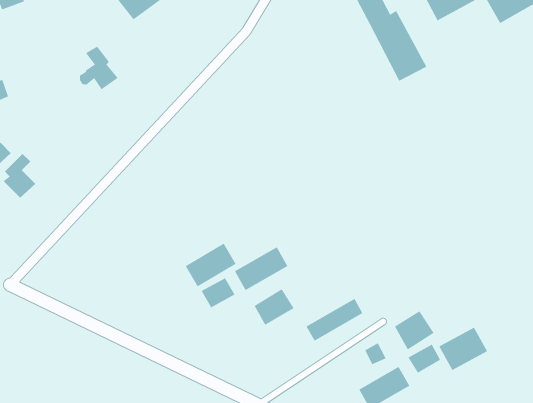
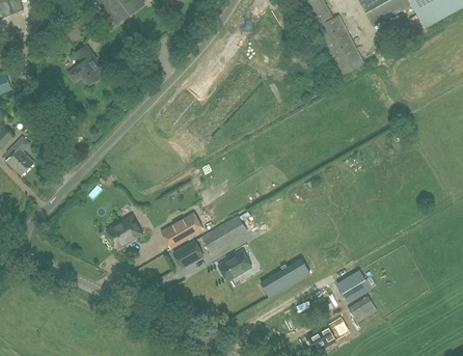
building: none -> [107,220,142,248]
building: [439,327,488,371] -> none

